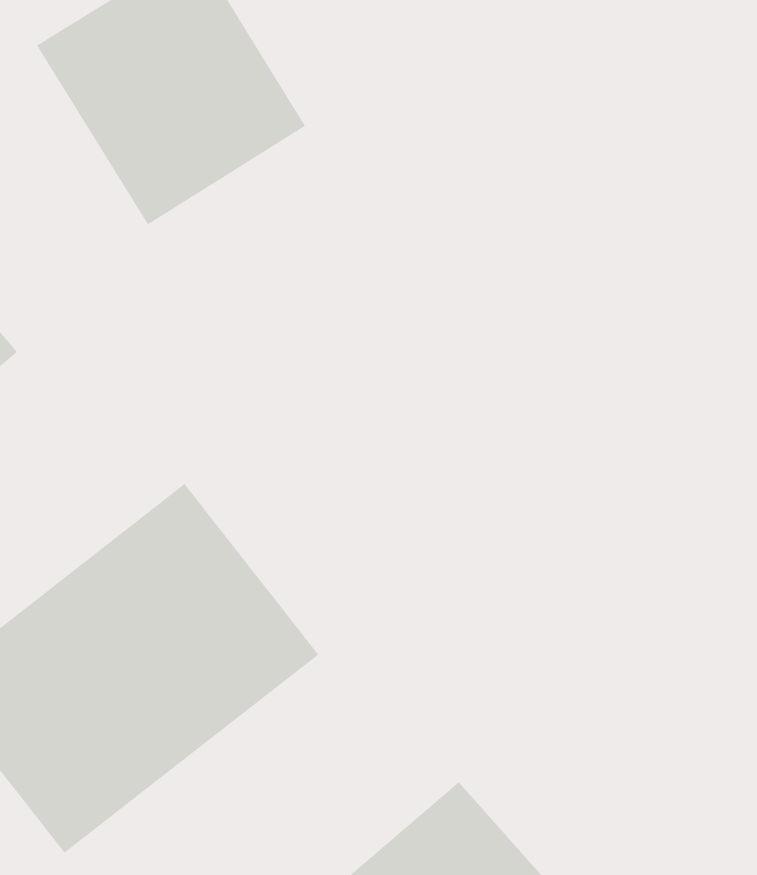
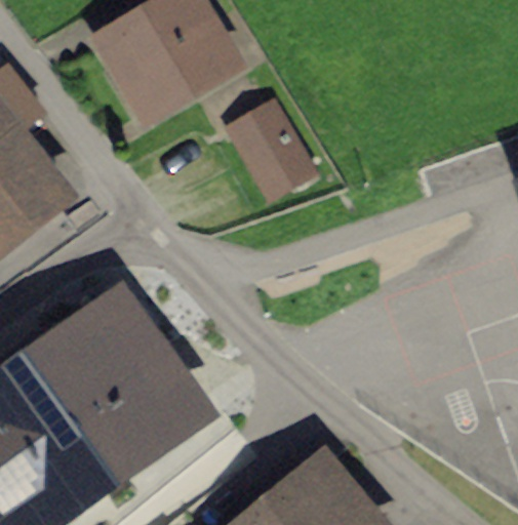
building: none -> [230,105,309,199]

